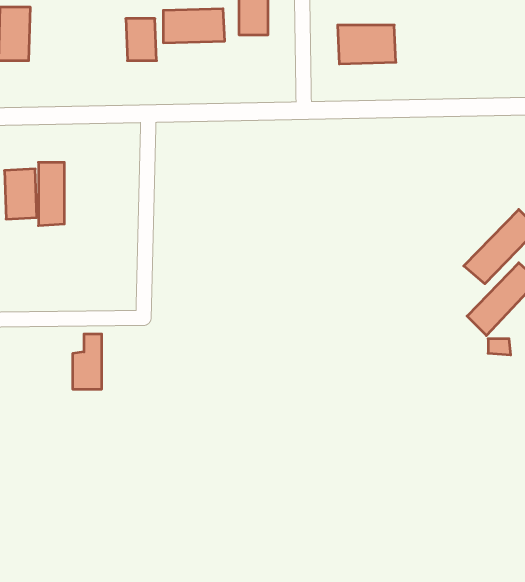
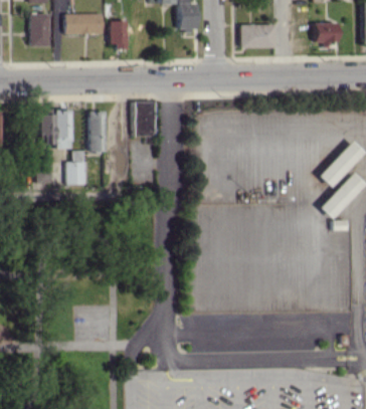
building: [163,9,225,43] -> [64,14,103,35]
building: none -> [316,23,339,46]
building: none -> [134,103,155,143]
building: none -> [87,112,104,153]
building: [73,334,102,389] -> [65,151,83,185]

